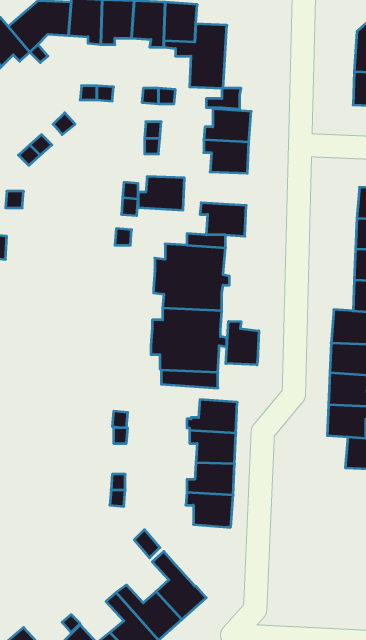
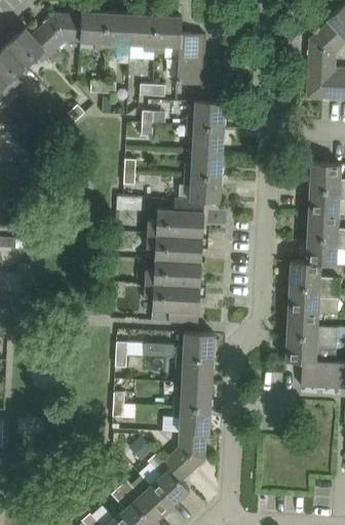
building: [138,177,184,210] -> [186,151,223,177]
building: [226,321,259,365] -> none
building: none -> [163,432,206,481]

